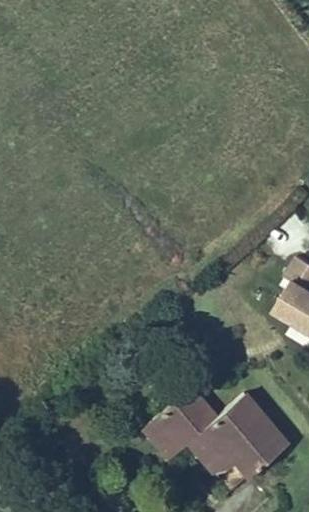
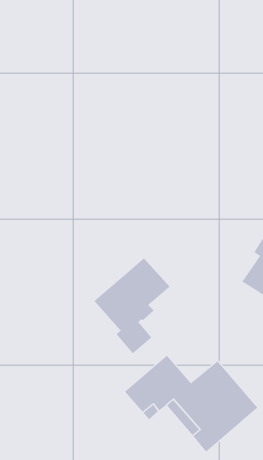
building: none -> [93,257,170,354]

